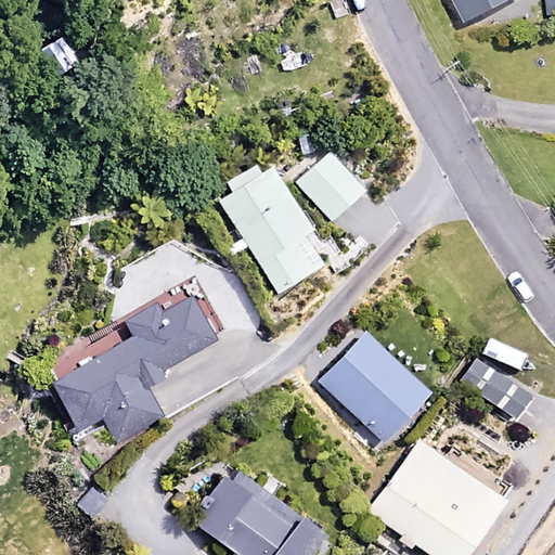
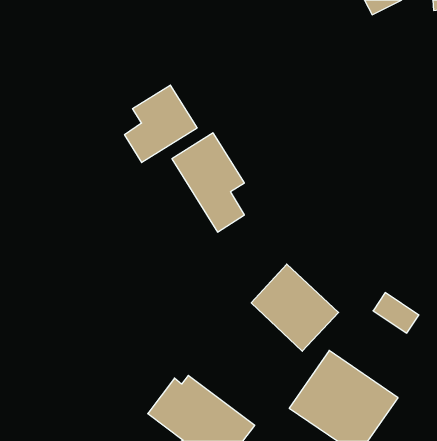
building: none -> [125,85,197,163]
building: [298,151,365,219] -> none
building: [51,296,216,473] -> none

